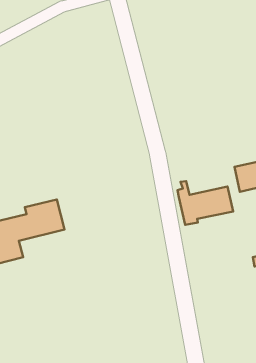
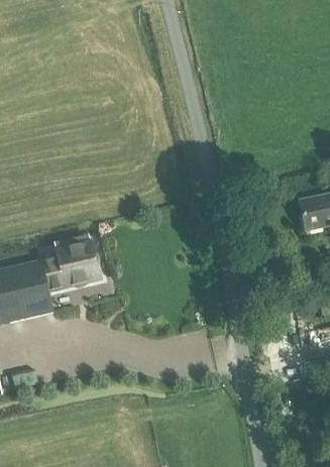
building: [178,181,233,225] -> none

